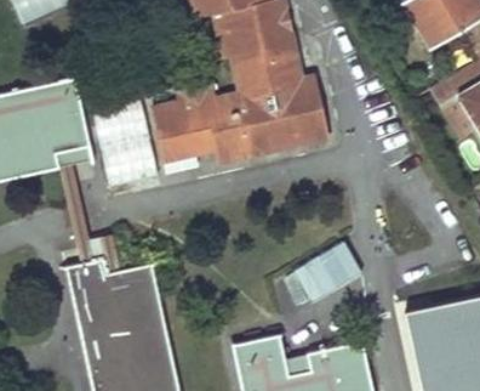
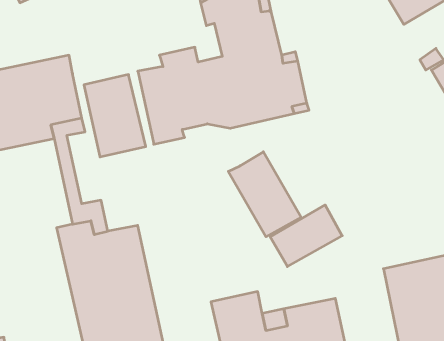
building: none -> [228,152,301,237]

